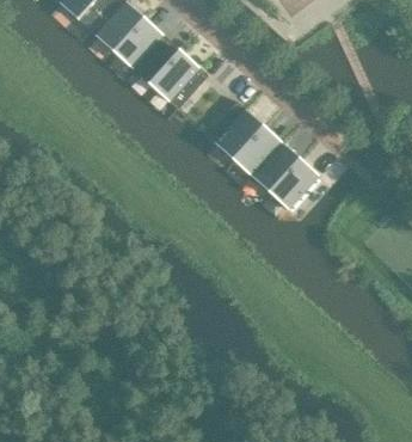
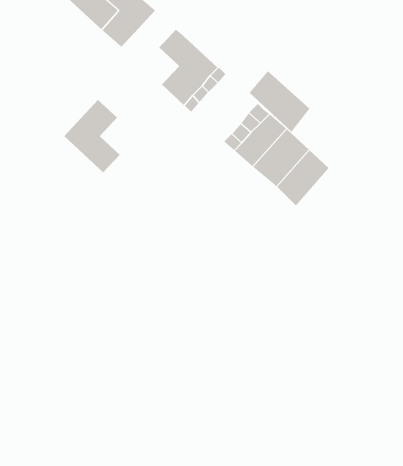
building: [115,19,166,86] -> [64,99,120,173]
building: none -> [249,71,310,132]
building: [272,161,319,209] -> none

